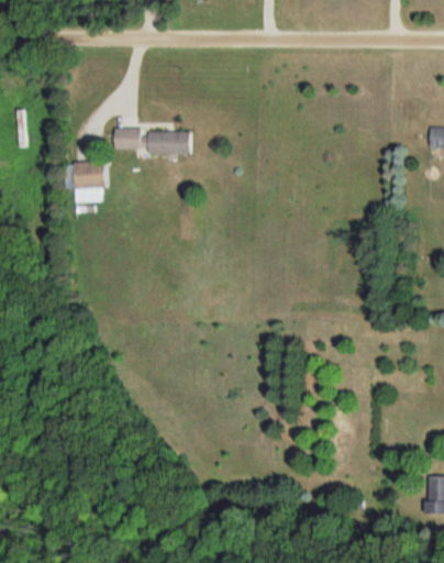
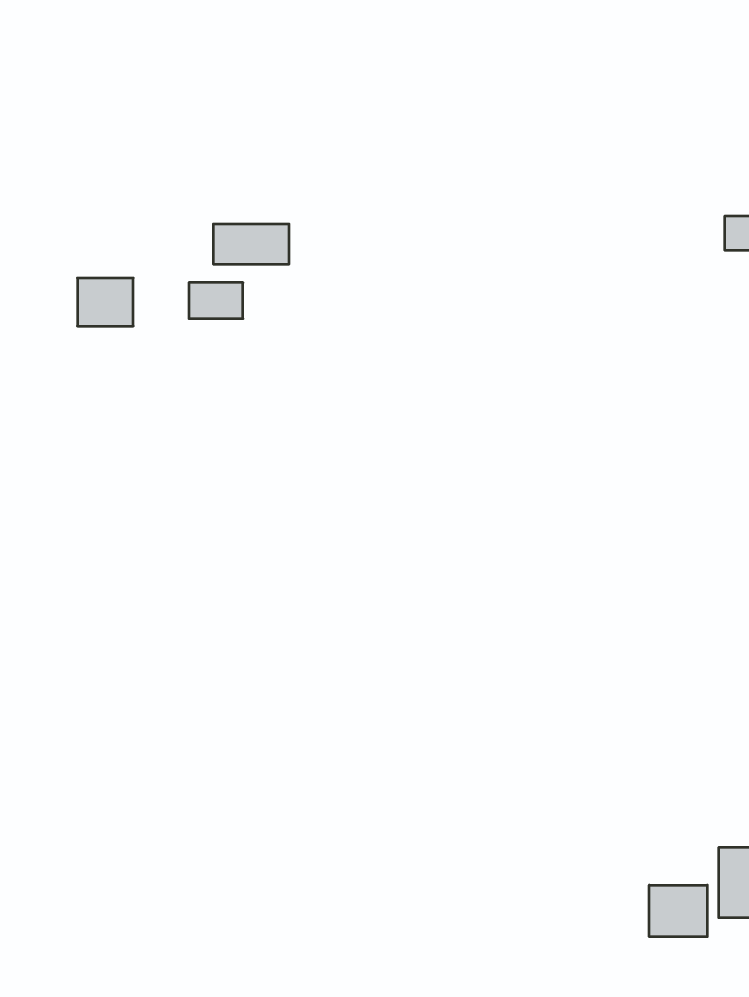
building: [114,130,144,150] -> [189,283,243,319]
building: none -> [649,885,707,937]

